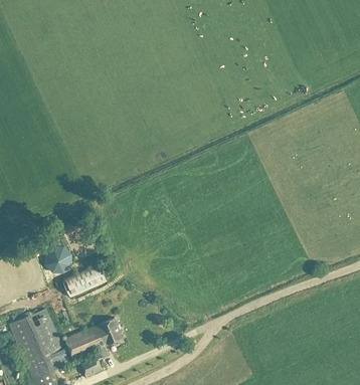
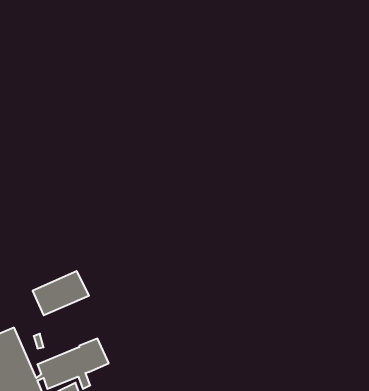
building: [39,248,68,274] -> none

